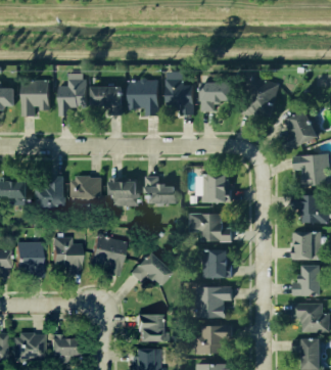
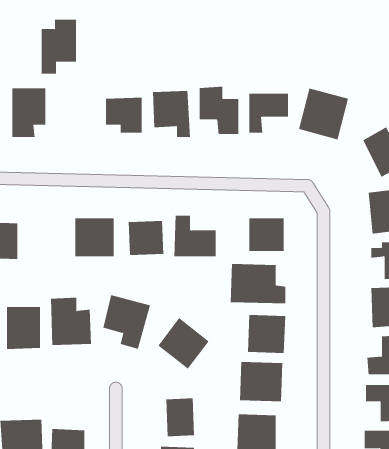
building: [57,73,85,114] -> [41,19,77,74]
building: [35,178,64,207] -> none

